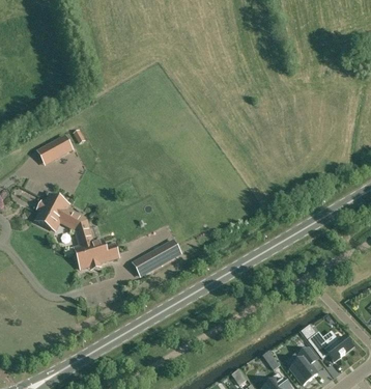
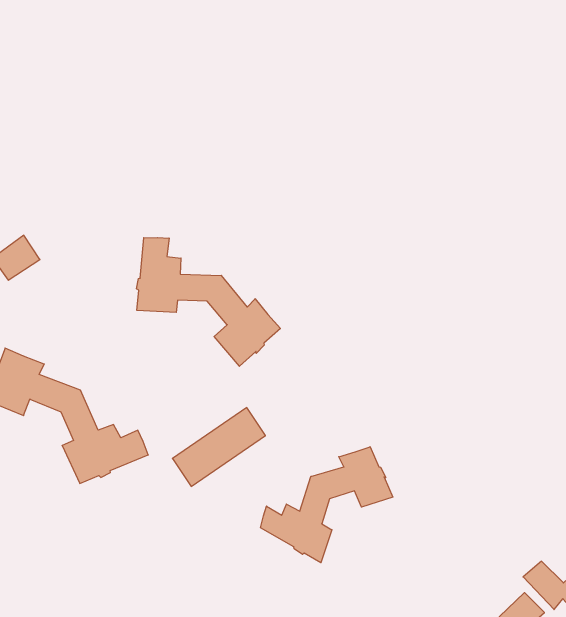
building: none -> [137,238,280,366]
building: none -> [260,447,393,563]

